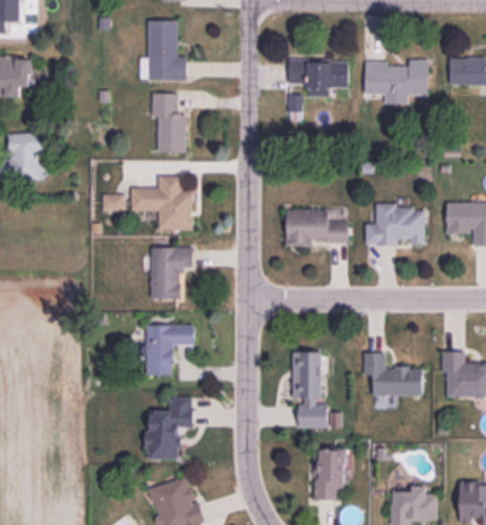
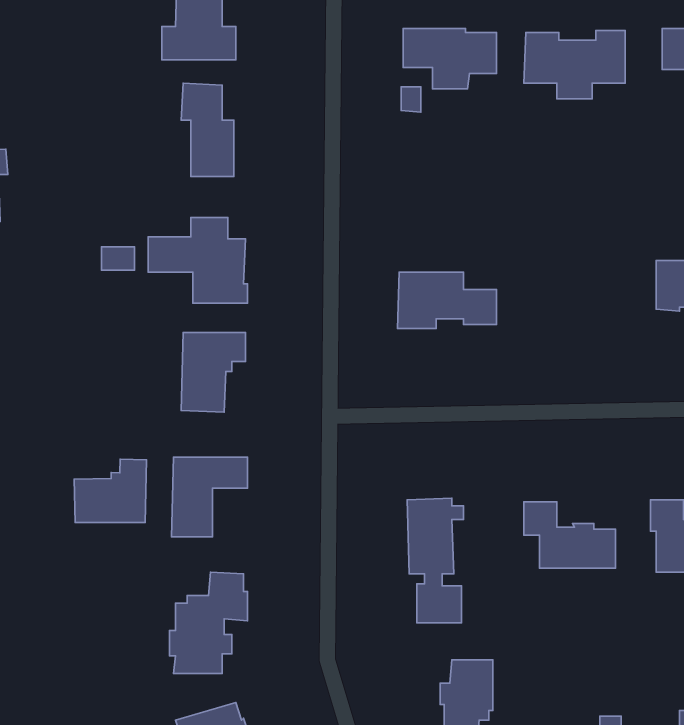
building: [365,204,423,246] -> none
building: none -> [74,459,147,522]

